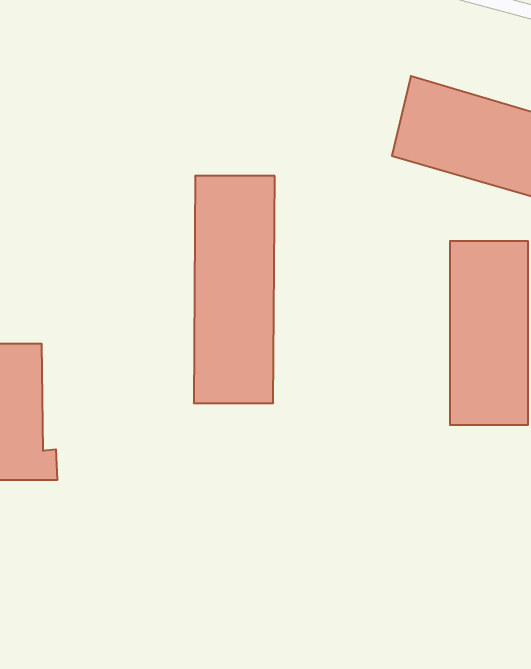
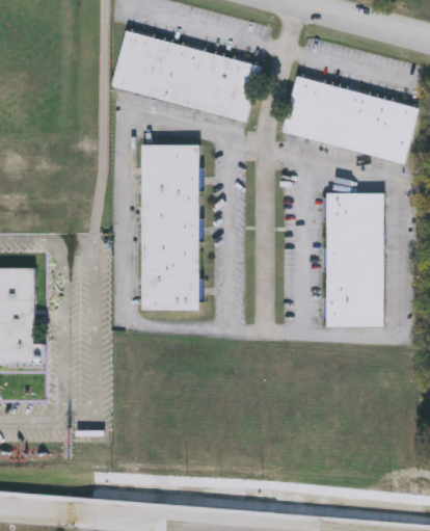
building: none -> [112,31,260,122]

